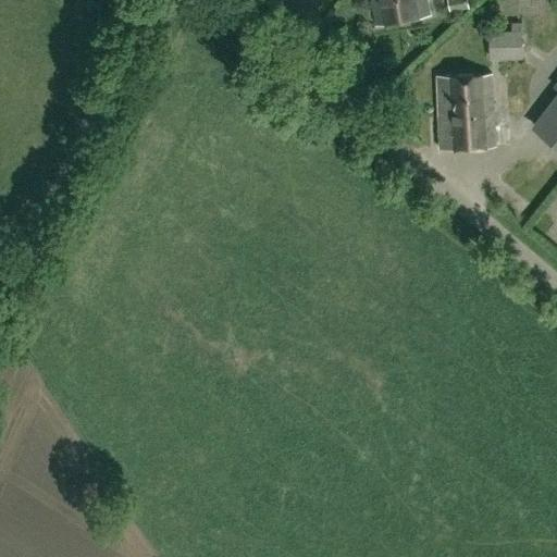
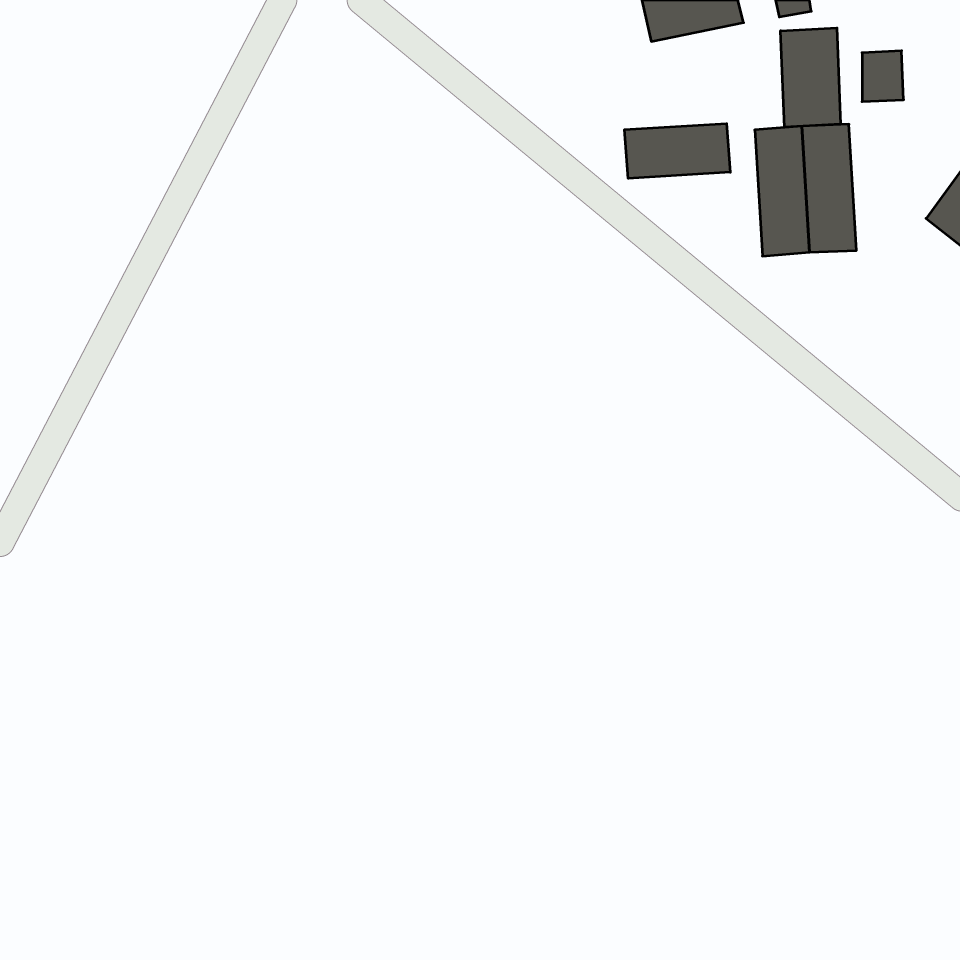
building: none -> [781,28,841,127]
building: none -> [625,124,730,178]

